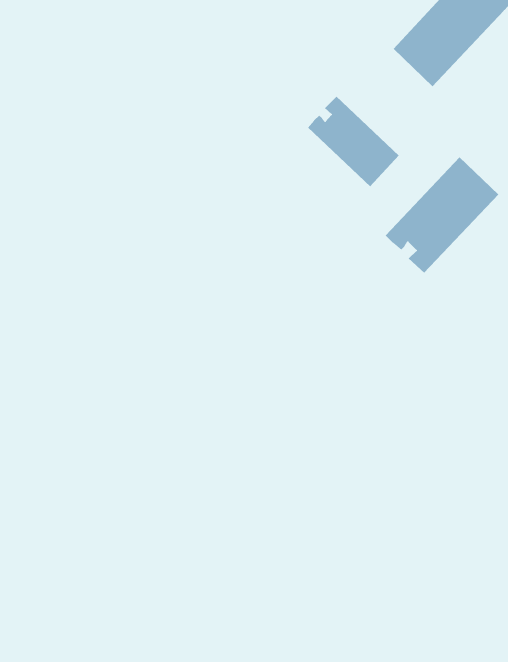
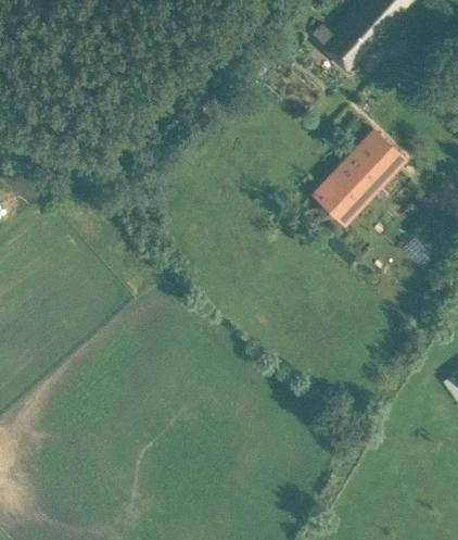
building: [307,96,400,187] -> none

